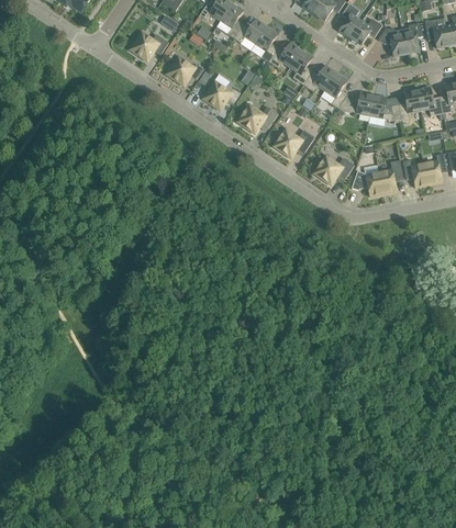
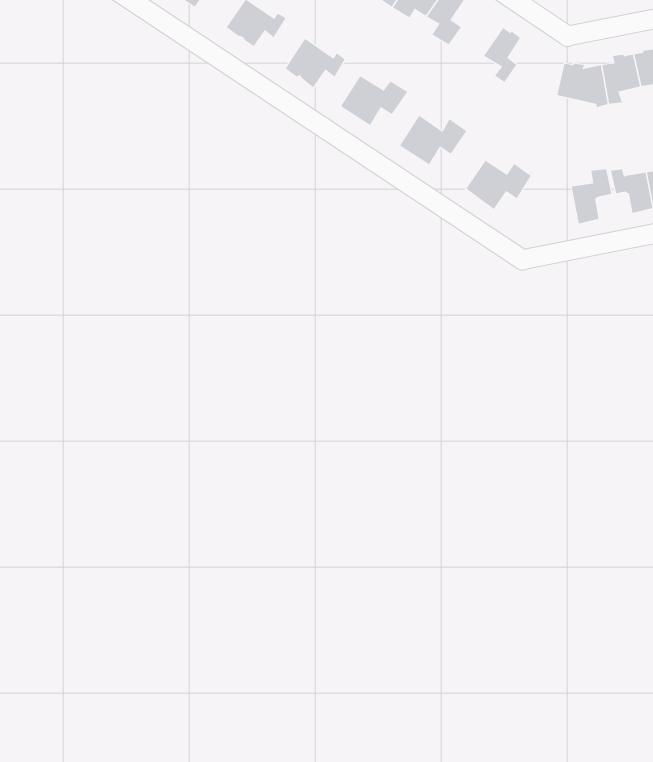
building: [303,64,336,91] -> none
building: [337,90,374,114] -> none
building: [352,169,382,195] -> none

